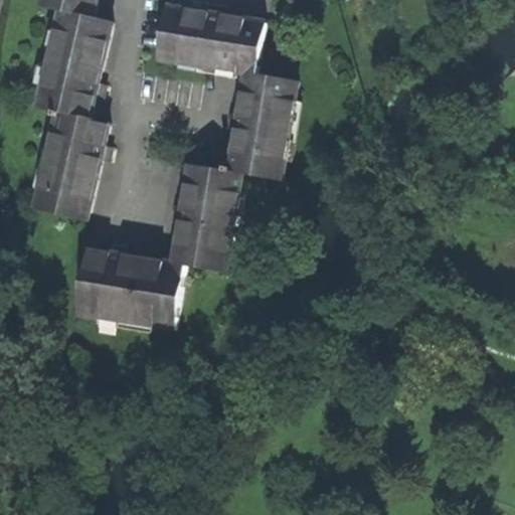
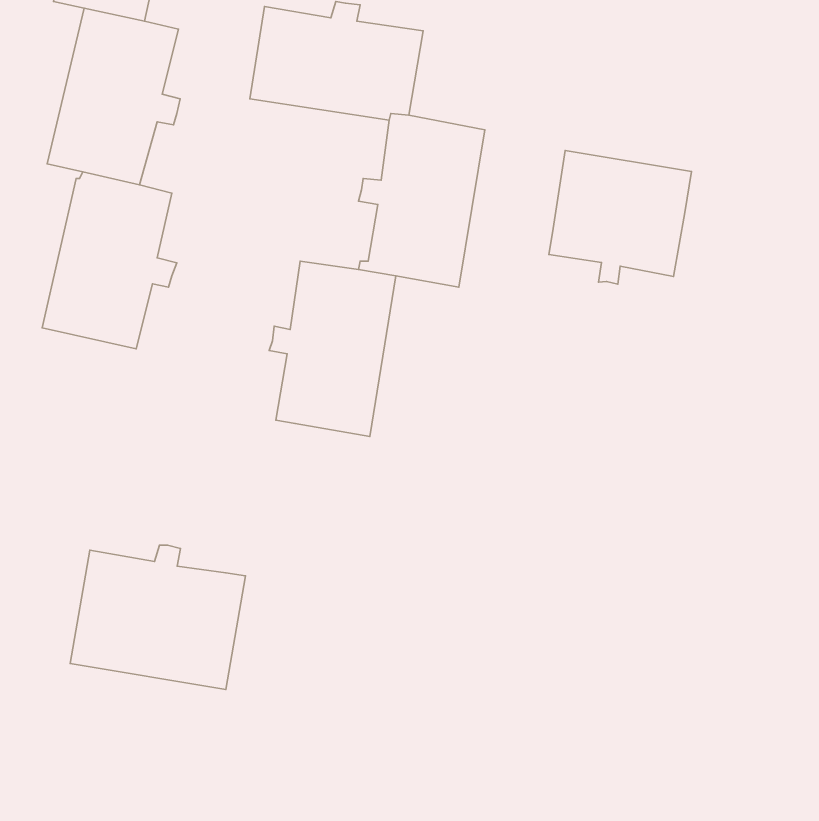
building: none -> [549,151,691,284]
building: [74,243,183,333] -> [70,545,245,690]

